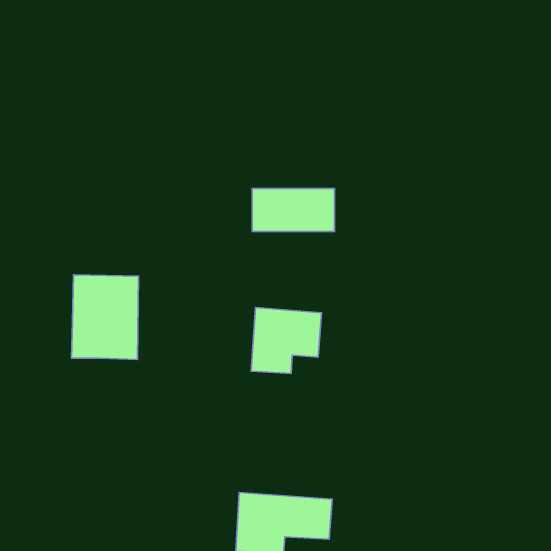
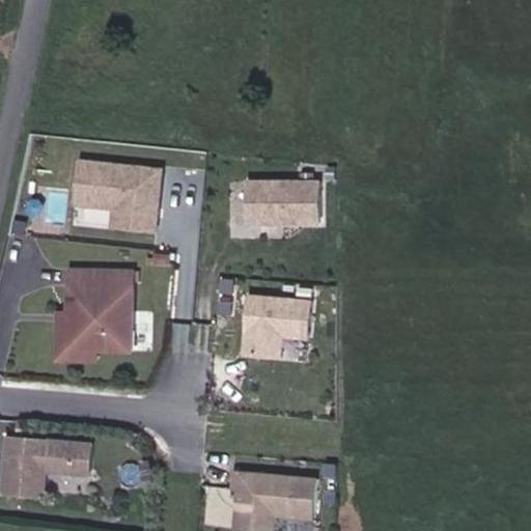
building: none -> [71,161,161,234]
building: none -> [57,310,95,357]
building: none -> [4,435,93,495]

